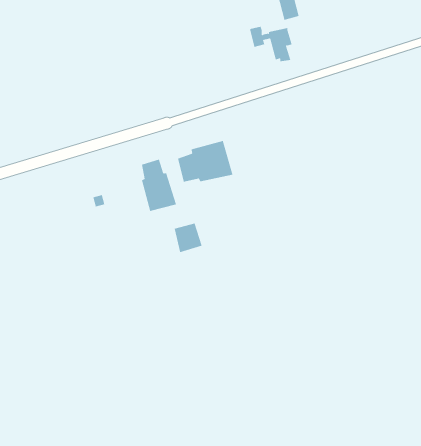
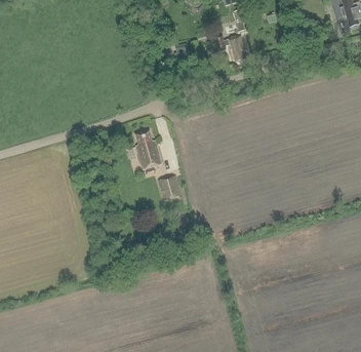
building: [177,140,233,183] -> none

